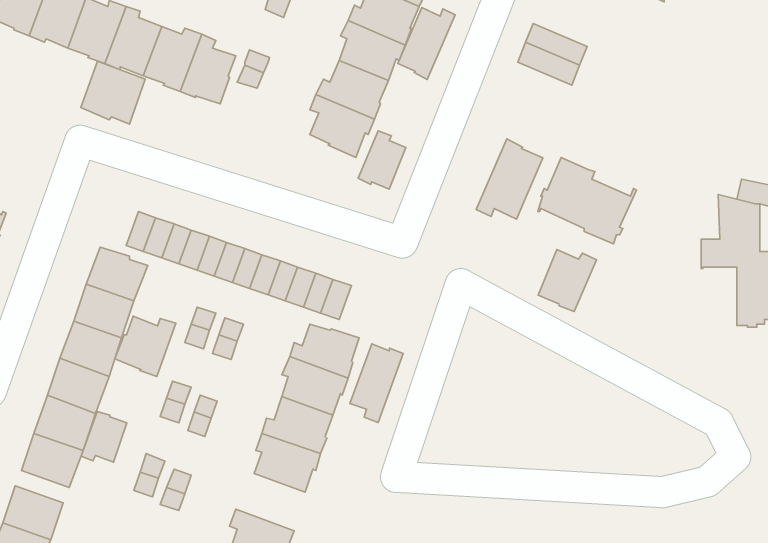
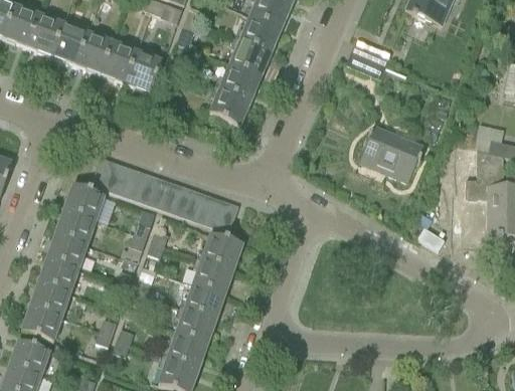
building: [398,8,455,79] -> none
building: [81,61,145,124] -> none
building: [358,131,406,189] -> none
building: [476,139,543,219] -> none
building: [538,250,597,312] -> none
building: [115,316,176,376] -> none
building: [350,344,403,423] -> none
building: [81,411,127,462] -> none
building: none -> [162,332,207,369]

